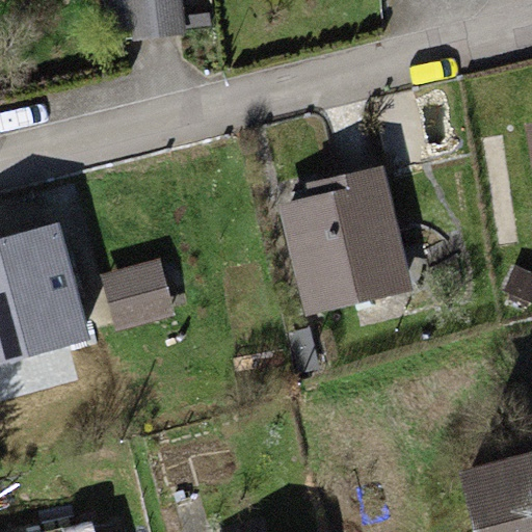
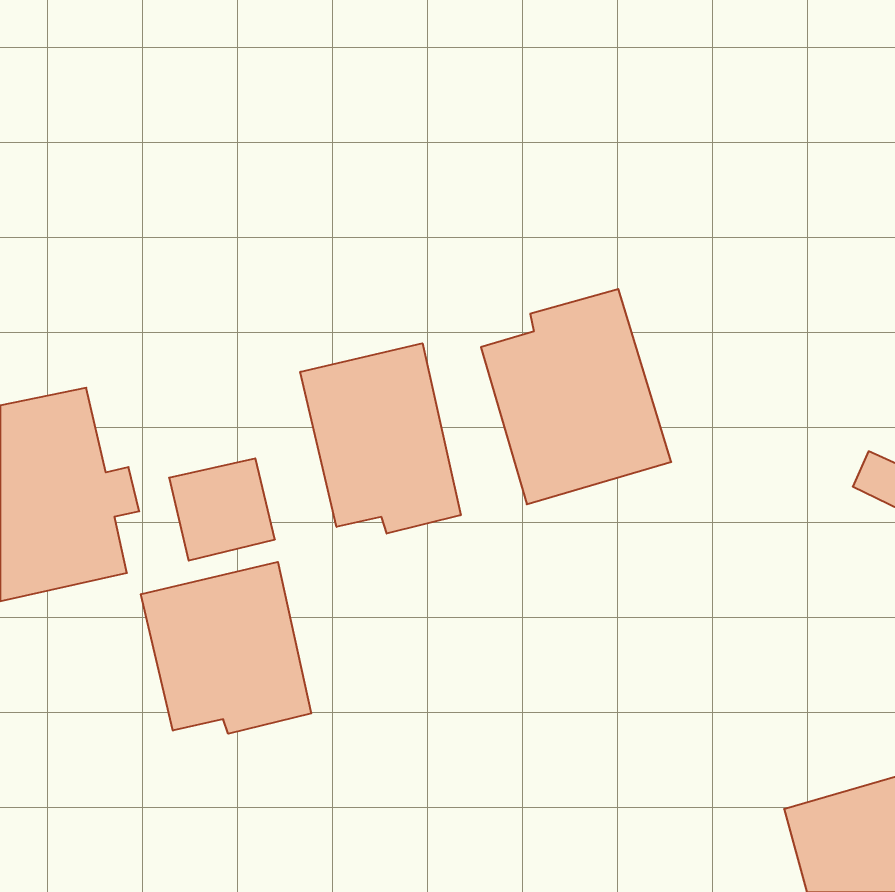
building: none -> [300,343,461,534]
building: none -> [141,562,311,734]

